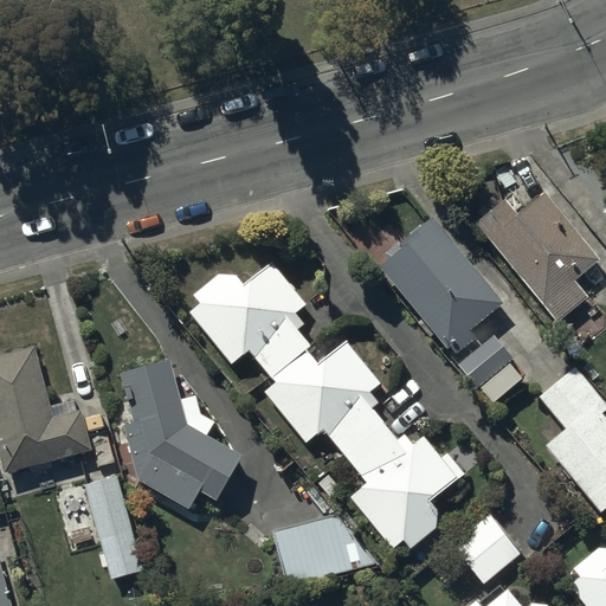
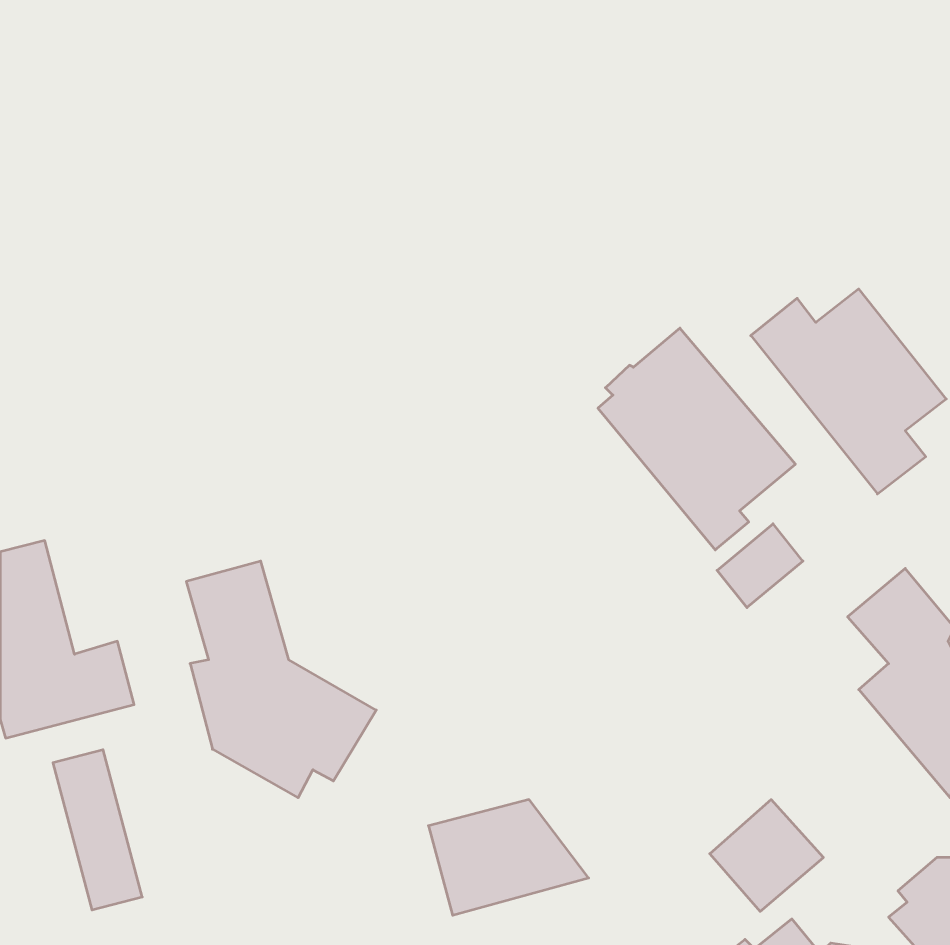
building: [183,260,458,552] -> none
building: [83,478,140,580] -> [53,750,142,910]

